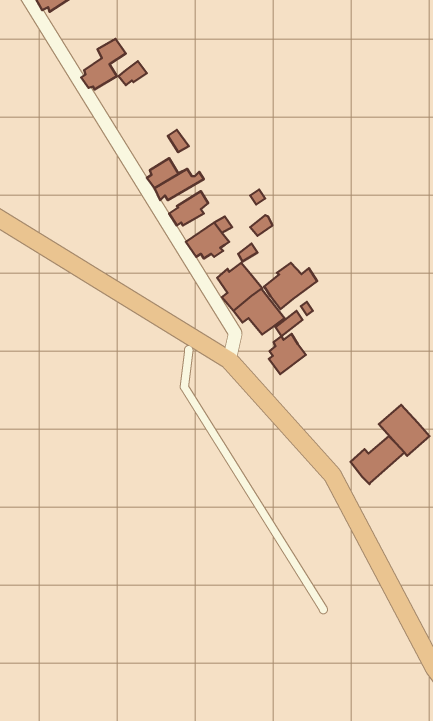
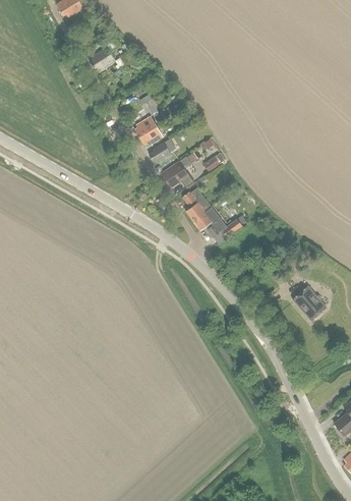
building: [264,263,317,309] -> none
building: [269,334,306,374] -> none
building: [350,436,404,484] -> none

